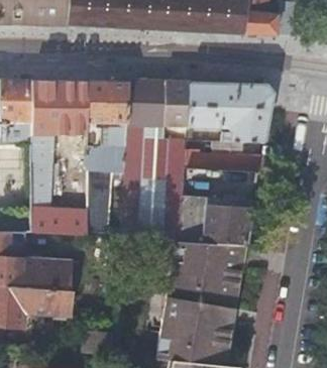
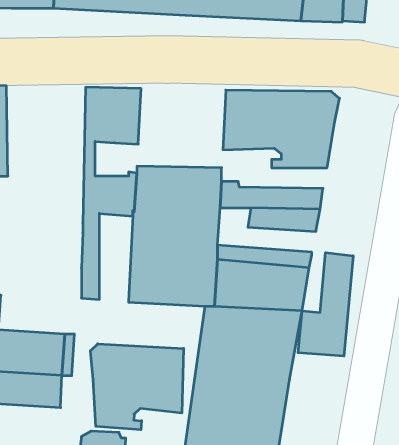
building: [31,81,89,235] -> none
building: [126,83,191,140] -> none
building: none -> [298,253,353,356]
building: none -> [90,344,184,430]

